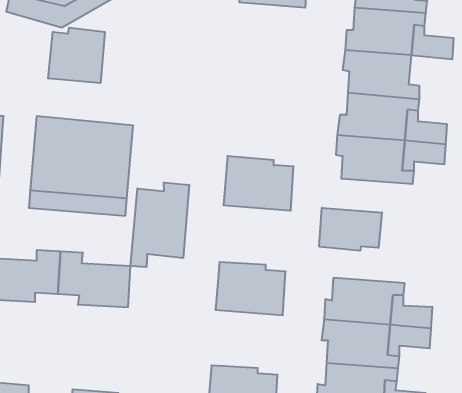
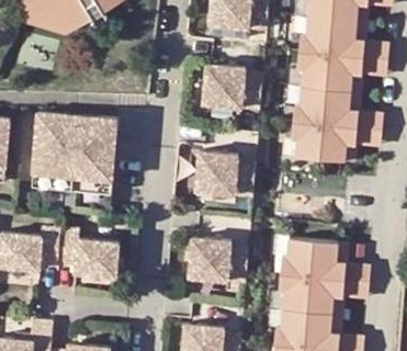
building: [48,28,105,83] -> none
building: none -> [202,59,259,103]
building: [131,182,189,267] -> none
building: [319,208,382,251] -> none

